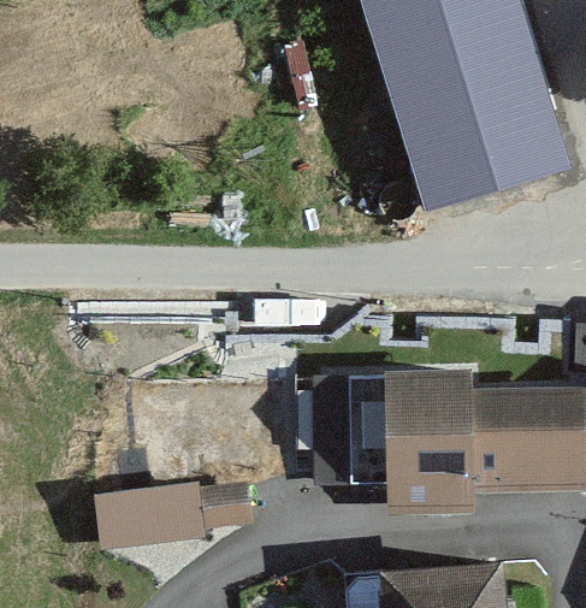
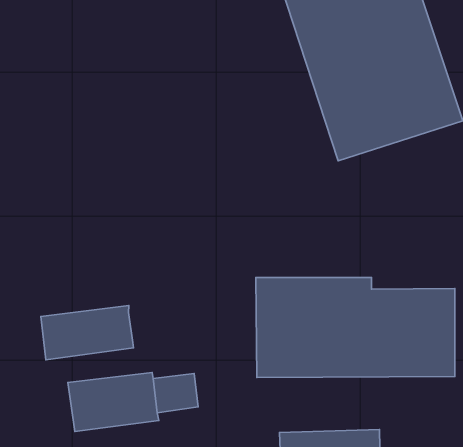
building: none -> [41,305,133,360]

